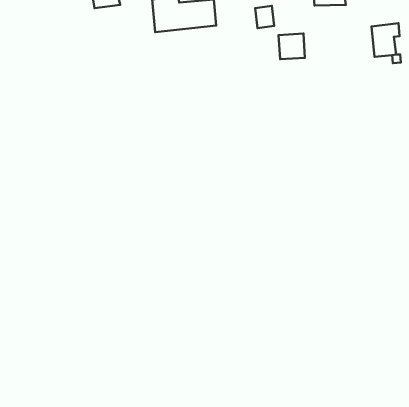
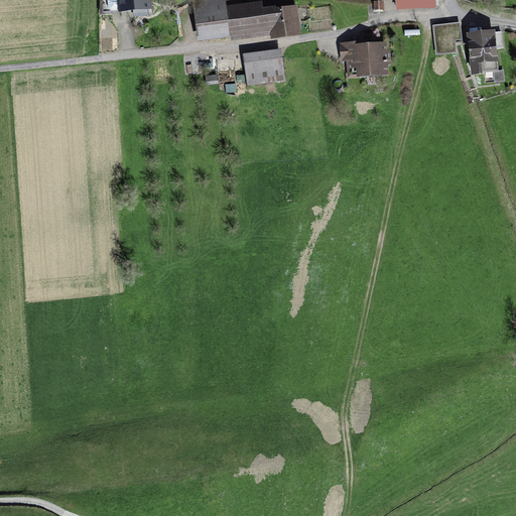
building: [255,6,274,28] -> [274,7,298,35]
building: none -> [432,20,463,53]
building: none -> [245,50,283,84]

